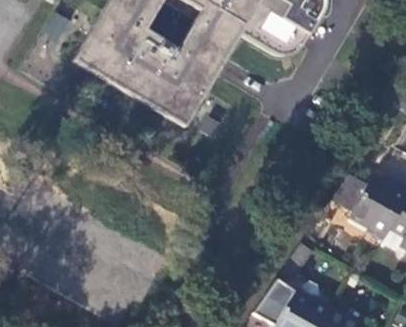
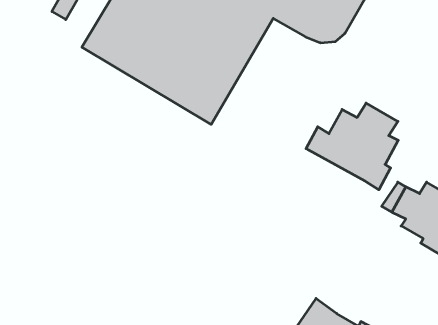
building: none -> [306,103,398,190]

